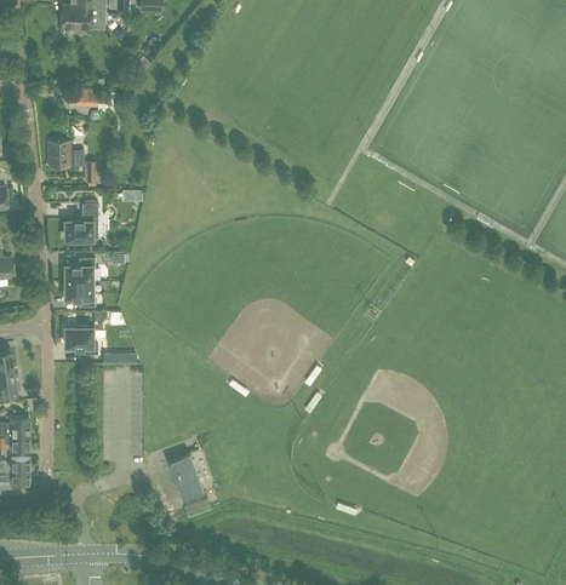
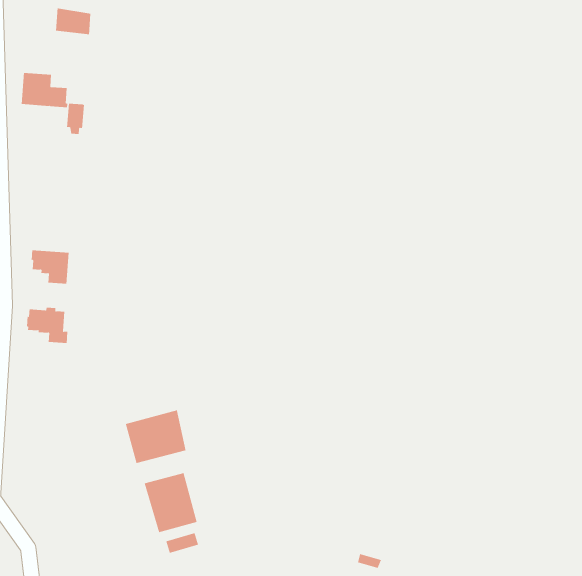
building: [63,203,97,241] -> none
building: [63,257,93,281] -> none
building: none -> [125,410,186,464]

